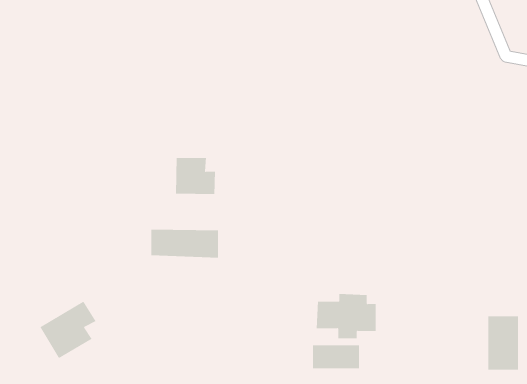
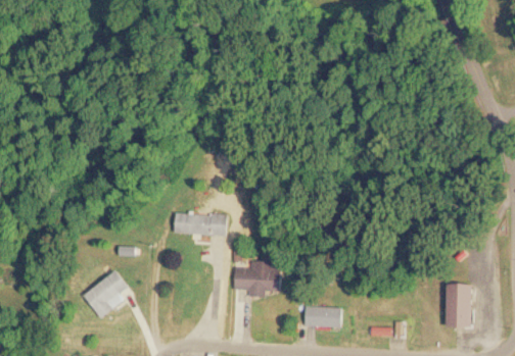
building: [176,157,216,195] -> none
building: [316,294,376,339] -> [231,261,280,298]

